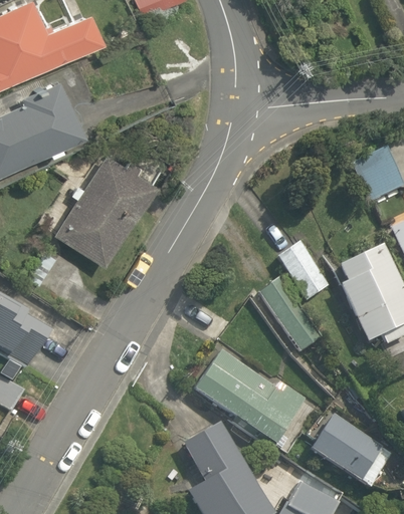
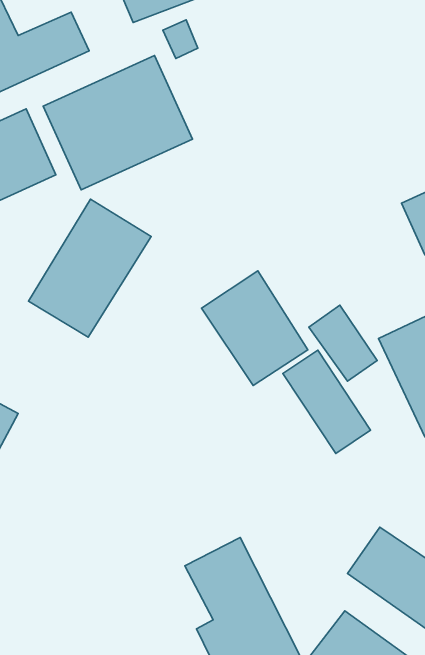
building: none -> [43,55,193,190]
building: none -> [202,271,308,386]
building: [191,345,311,450] -> none

